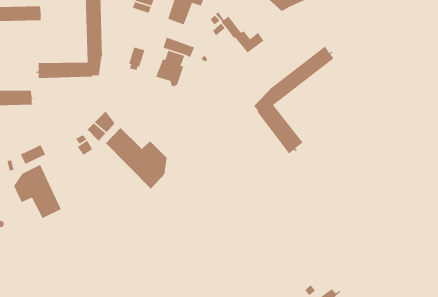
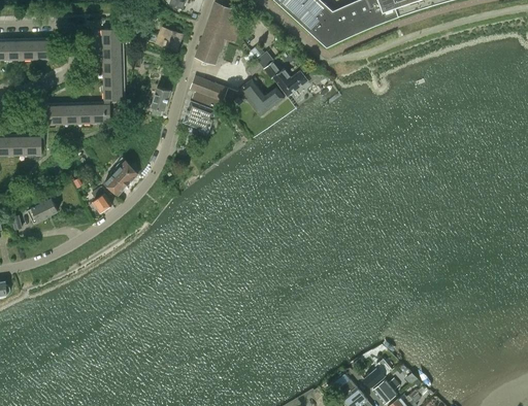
building: none -> [238,78,286,115]
building: [253,46,335,154] -> none
building: [105,127,168,190] -> none
building: [13,164,62,219] -> none

